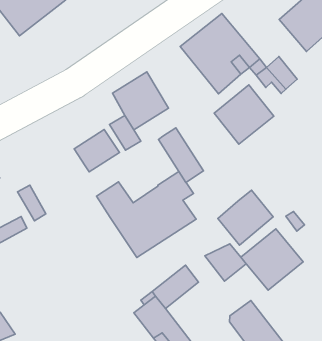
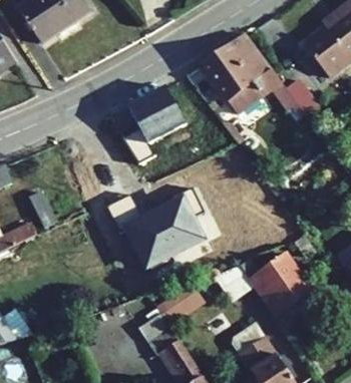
building: [214,85,274,144] -> none
building: [158,128,204,182] -> none
building: [74,129,119,172] -> none
building: [218,190,273,245] -> none

